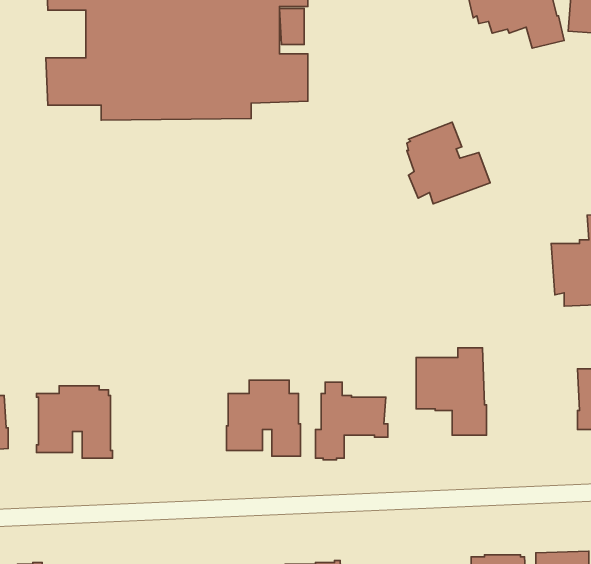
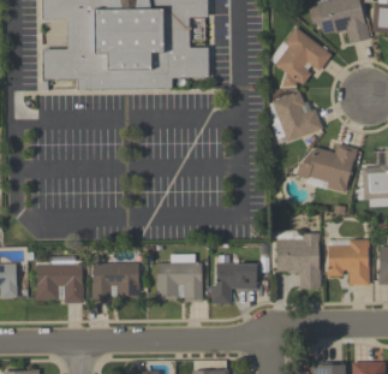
building: none -> [270,28,332,87]
building: none -> [296,143,358,192]
building: none -> [327,239,369,285]
building: none -> [91,263,141,303]

